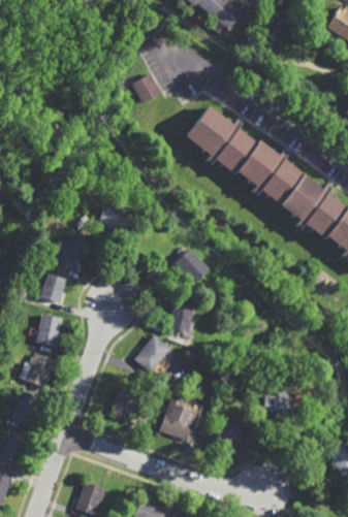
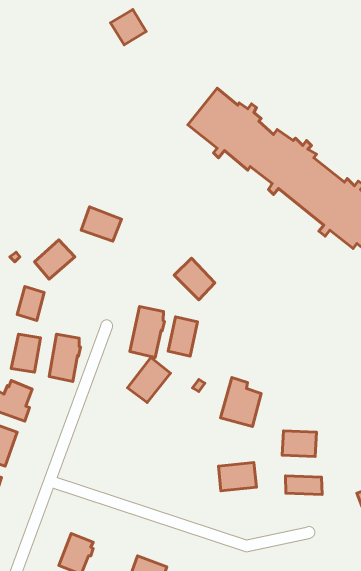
building: [130,72,160,102] -> [111,9,146,45]
building: none -> [130,306,164,358]
building: none -> [49,334,80,381]
building: [110,385,140,419] -> none
building: [160,397,194,439] -> [221,377,261,426]
building: none -> [285,476,322,494]

